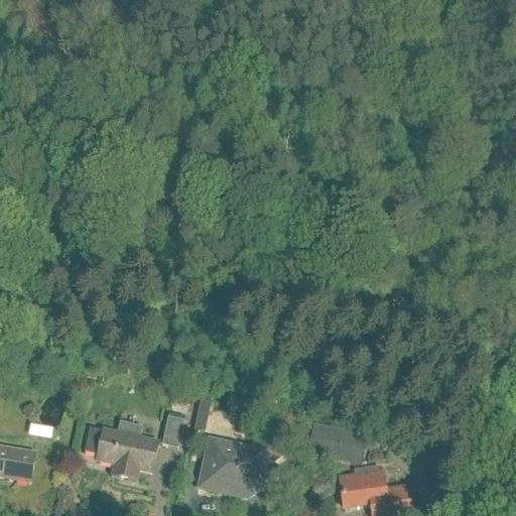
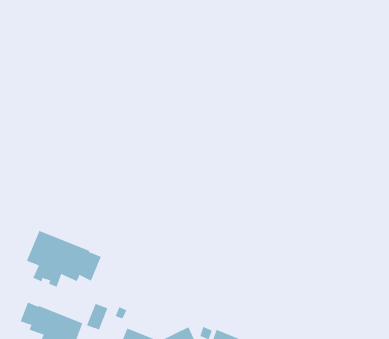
building: none -> [26,230,102,288]

